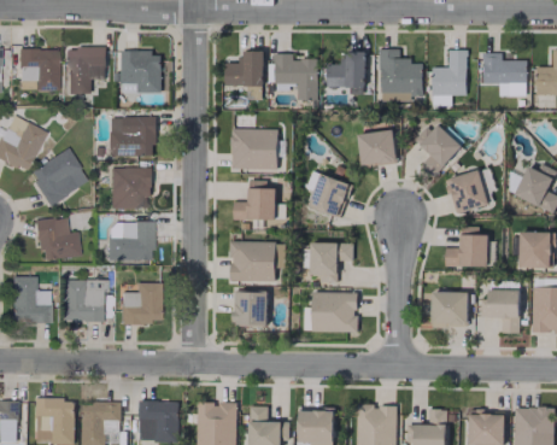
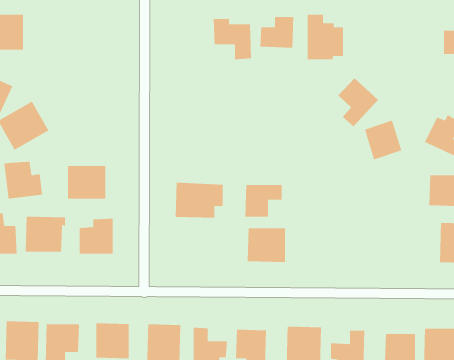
building: [66,46,105,93] -> none
building: [432,49,467,105] -> none
building: [119,51,160,92] -> none
building: [224,51,264,86] -> none
building: [482,52,527,96] -> none
building: [109,116,154,156] -> none
building: [230,128,277,169] -> none
building: [356,129,397,168] -> none
building: [109,166,149,207] -> none
building: [305,170,350,217] -> none
building: [231,180,276,221] -> none
building: [445,226,494,267] -> none
building: [480,289,520,333] -> none
building: [233,291,268,326] -> none
building: [430,292,468,327] -> none

